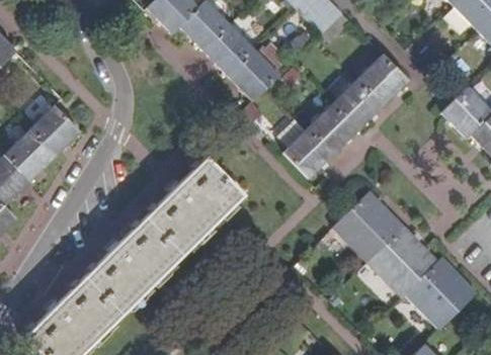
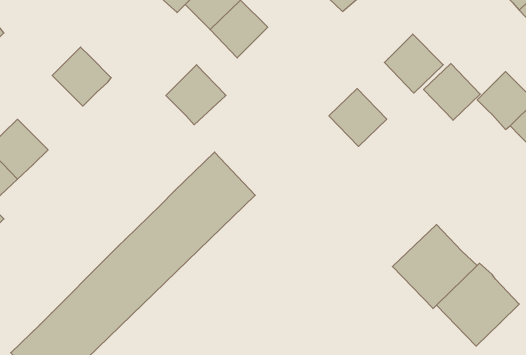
building: [226,47,279,100] -> [166,65,226,125]
building: [333,78,384,128] -> [424,64,480,120]
building: [29,103,82,156] -> [52,47,111,106]
building: [276,115,334,177] -> none
building: [332,189,404,260] -> none

